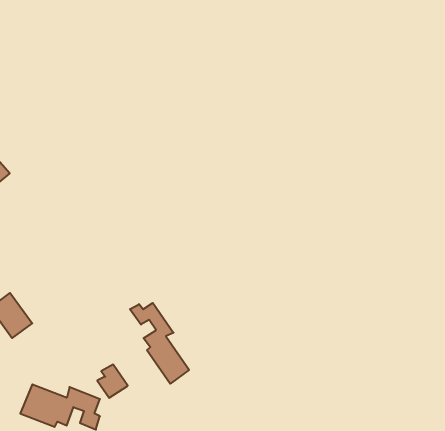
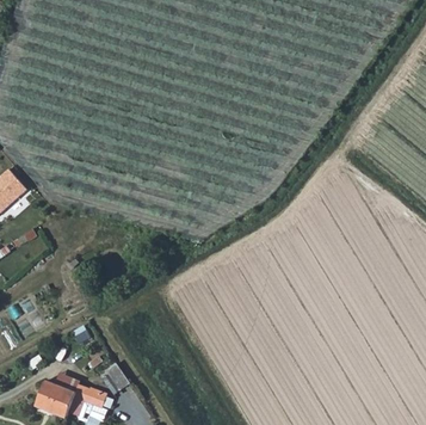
building: [130,303,189,384] -> none

